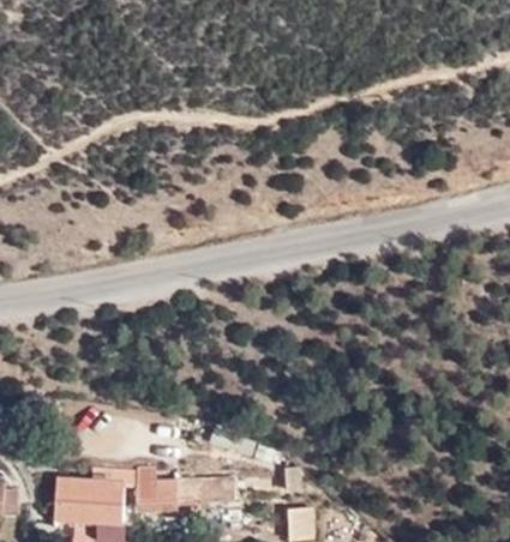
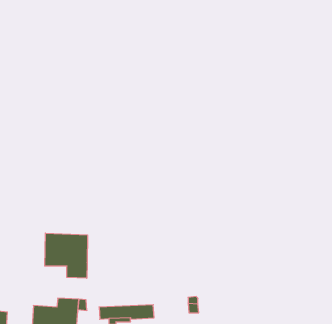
building: none -> [45,233,87,278]

